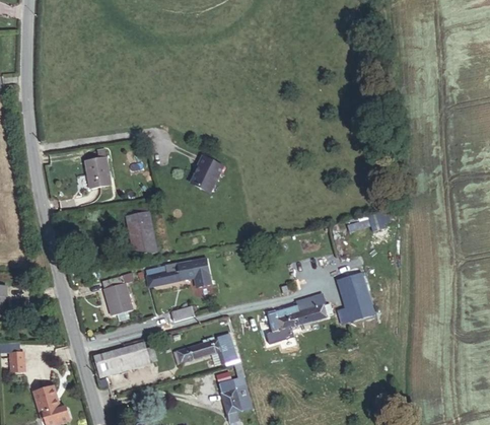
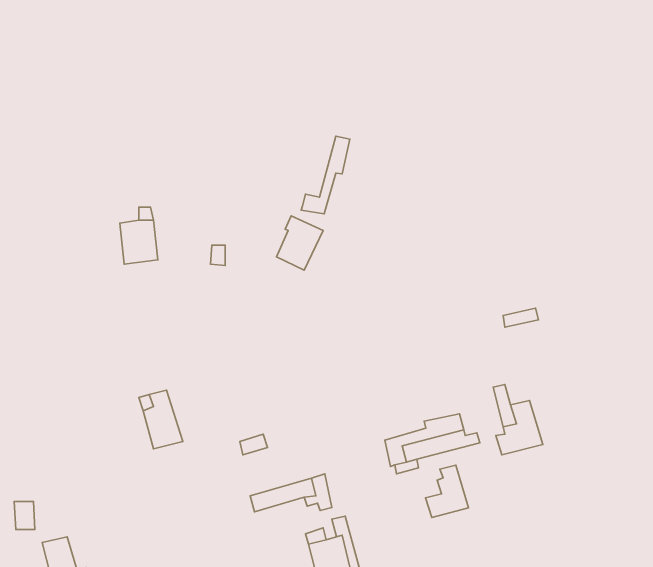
building: none -> [301,136,350,214]
building: [125,210,147,256] -> none
building: [144,257,210,285] -> none
building: none -> [426,465,469,517]
building: [91,342,151,379] -> none

